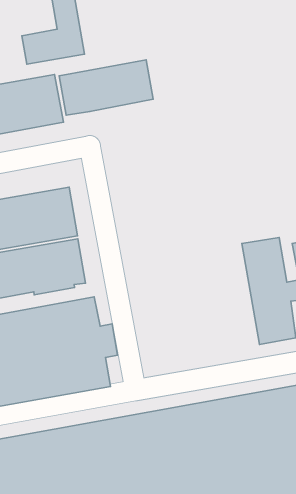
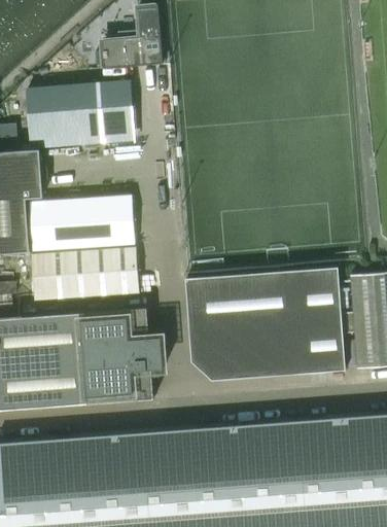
building: [59,60,153,115] -> none
building: none -> [185,270,307,380]

